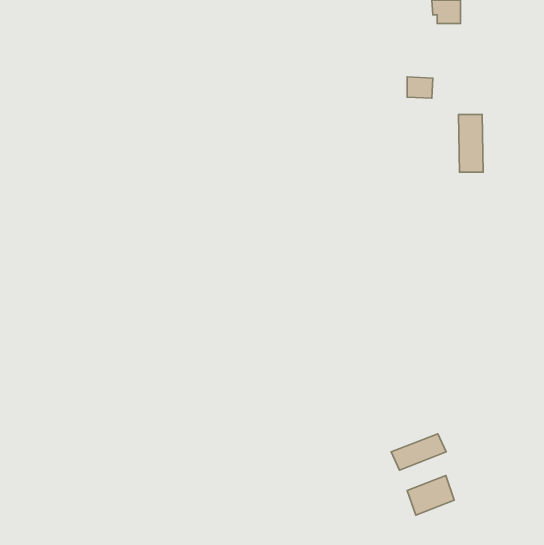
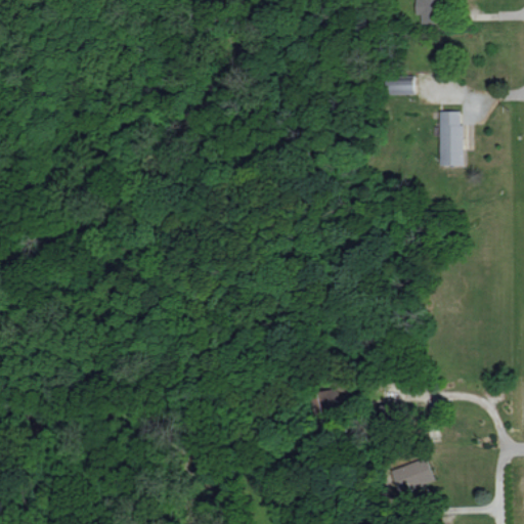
building: none -> [323,388,340,412]
building: [391,434,446,470] -> none

